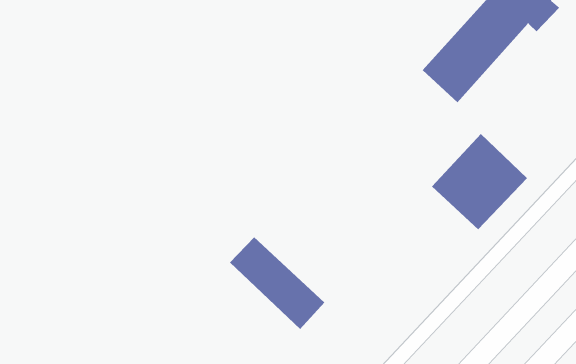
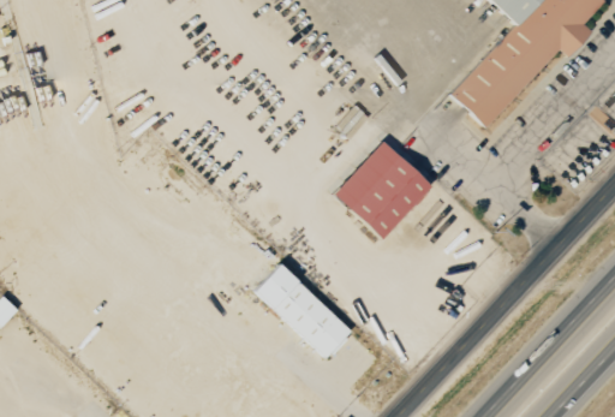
building: [431,133,528,230] -> [334,141,432,239]

